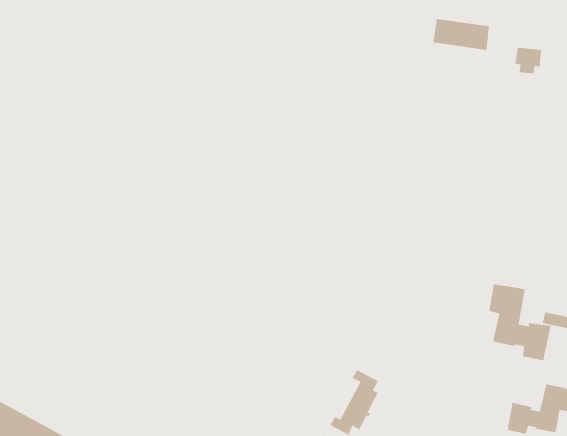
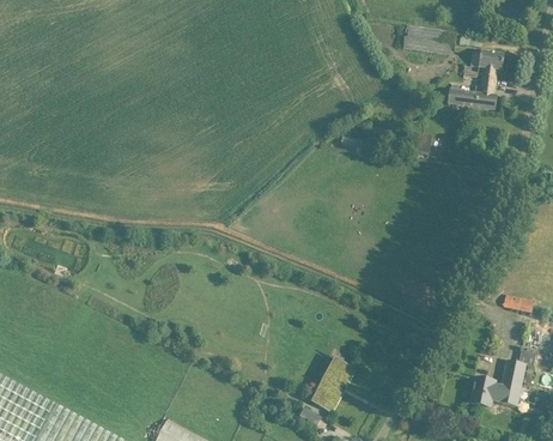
building: none -> [446,74,494,109]
building: [488,283,552,361] -> none

